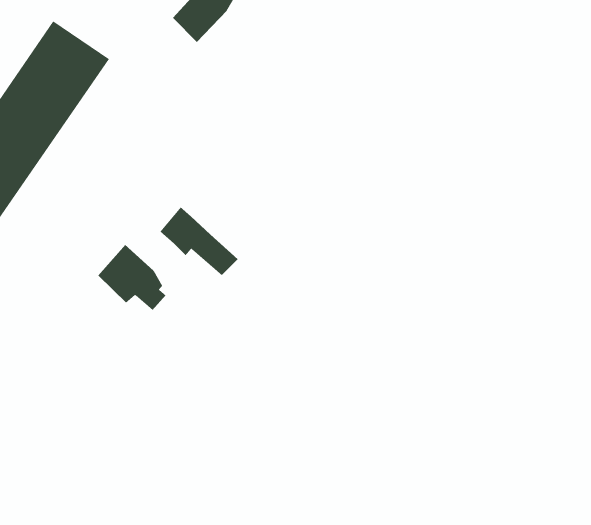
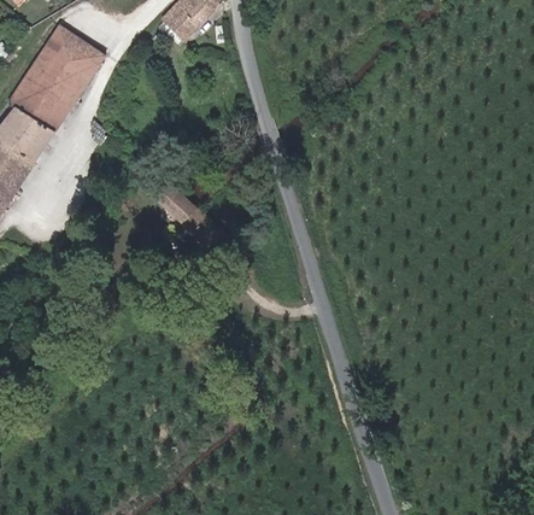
building: [97,244,166,311] -> none

